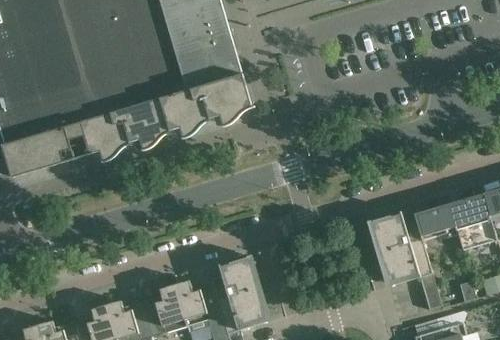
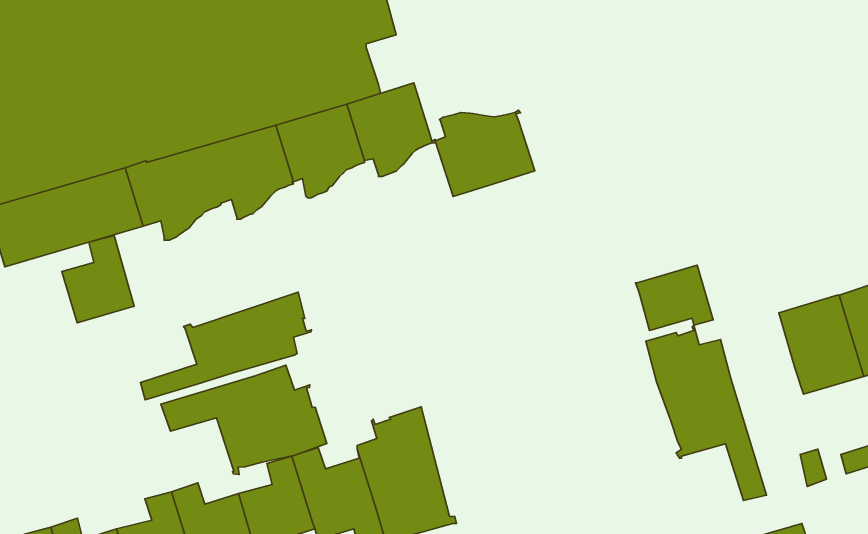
building: none -> [435,110,535,197]
building: none -> [62,236,134,323]
building: none -> [141,292,311,400]
building: [414,202,458,239] -> [635,265,713,331]
building: none -> [161,365,327,475]

